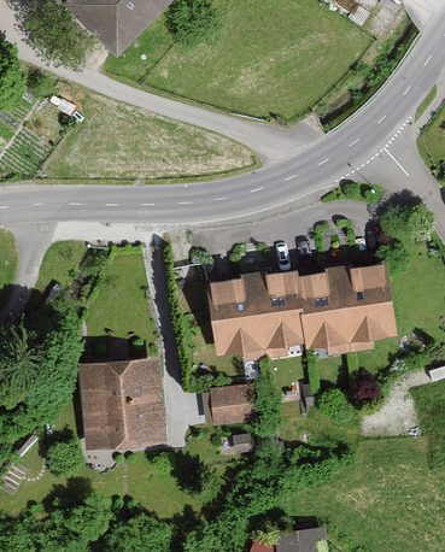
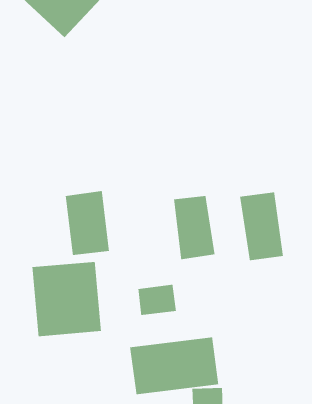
building: [300,266,356,359] -> none
building: [206,270,265,357] -> [65,190,110,256]
building: none -> [129,336,219,395]

